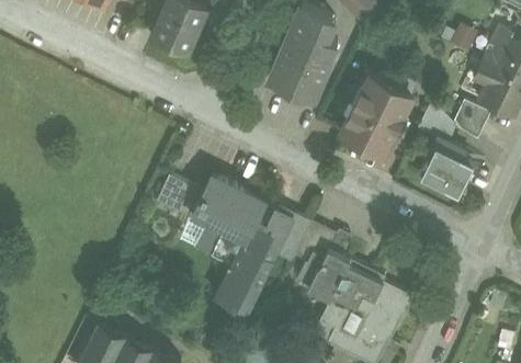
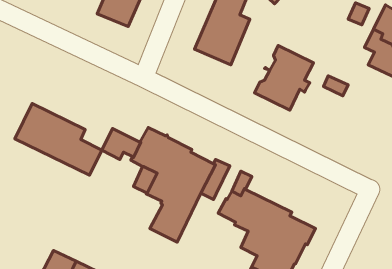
building: [454,102,489,141] -> none
building: [423,140,469,195] -> none
building: none -> [15,103,102,175]

